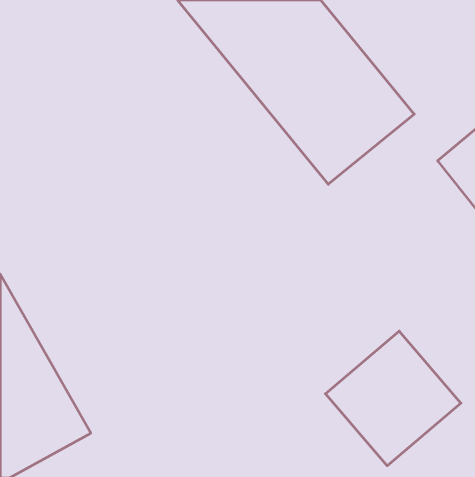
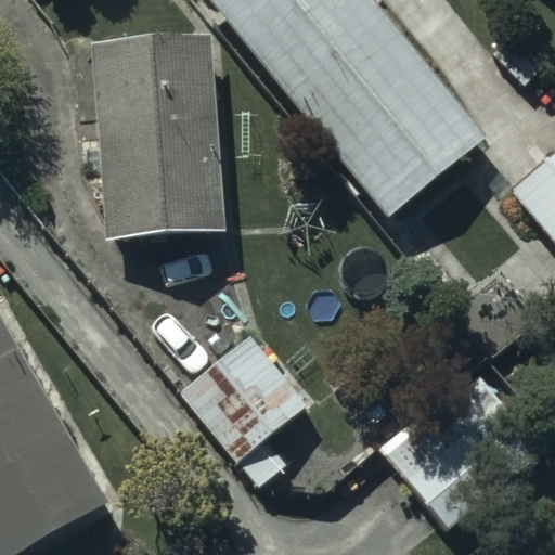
building: none -> [88,27,223,234]
building: none -> [181,332,309,481]

